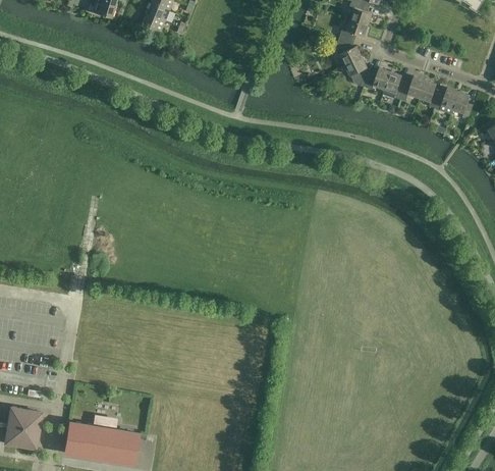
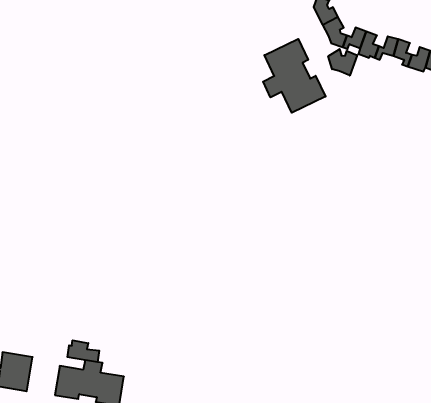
building: none -> [263,39,326,113]
building: none -> [328,49,357,76]
building: none -> [67,340,99,362]

